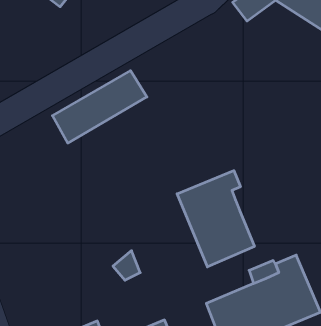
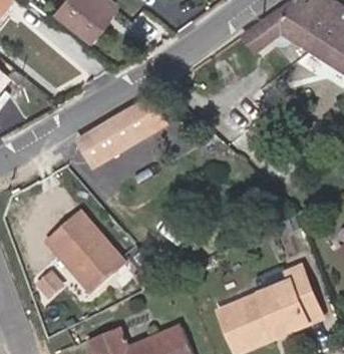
building: [177,171,254,267] -> none
building: none -> [47,212,127,294]

